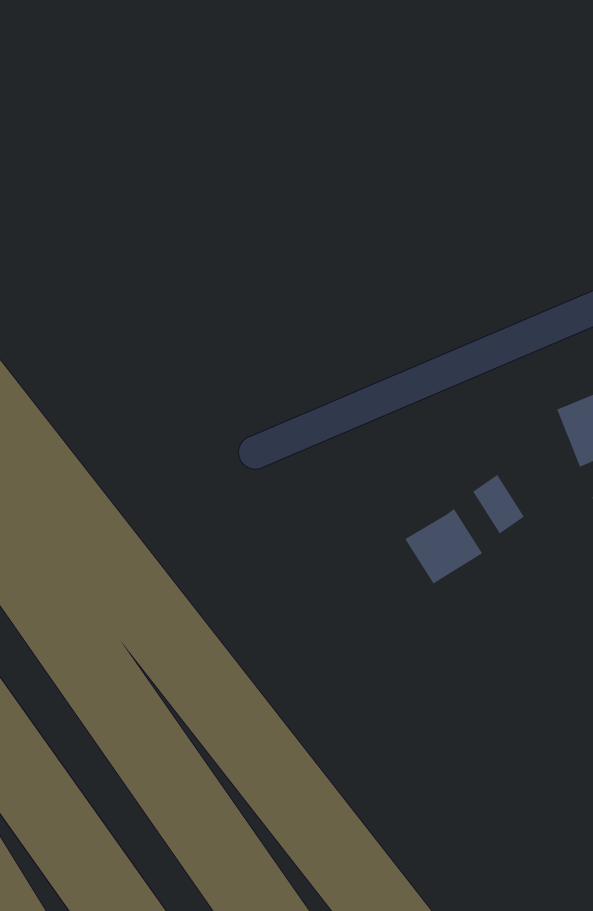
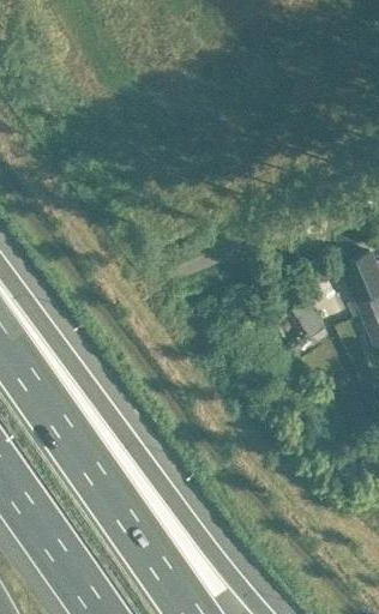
building: [404,508,483,585] -> none

